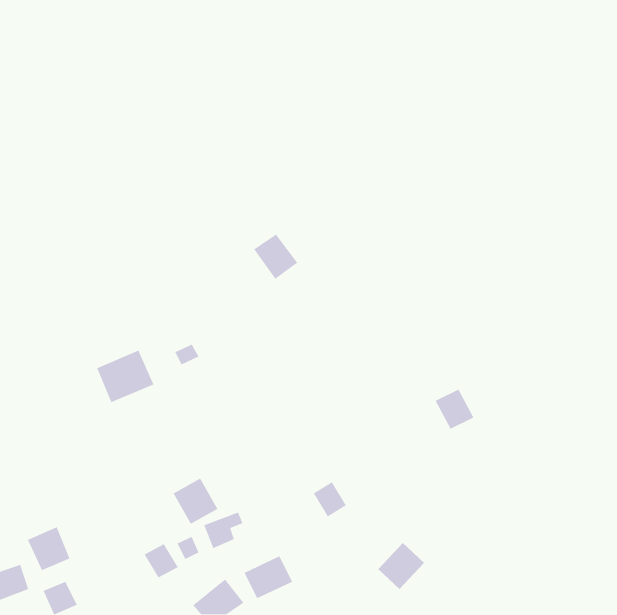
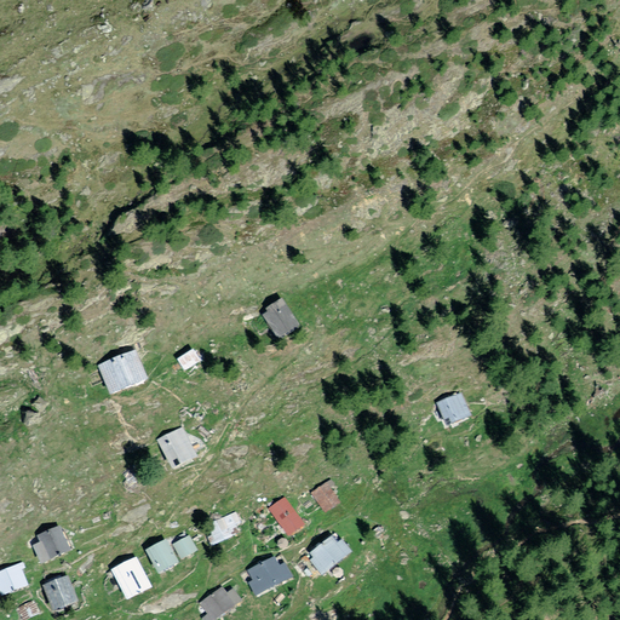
building: [253,233,298,280] -> [259,295,304,341]
building: [172,477,219,525] -> [157,424,203,471]
building: none -> [268,495,306,536]
building: [377,542,425,590] -> [304,529,351,576]
building: none -> [109,555,155,603]

